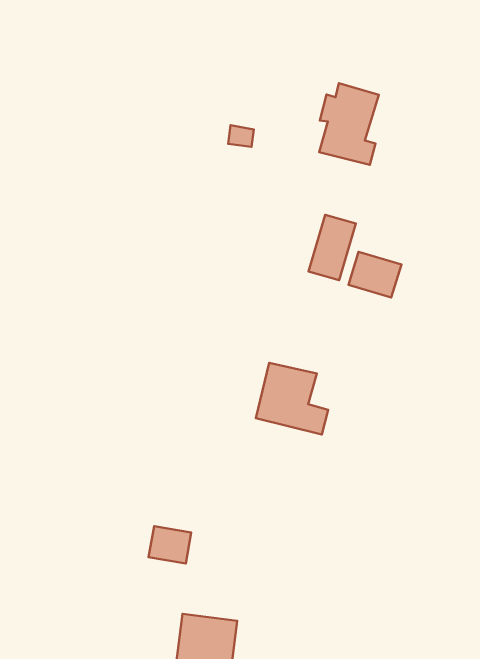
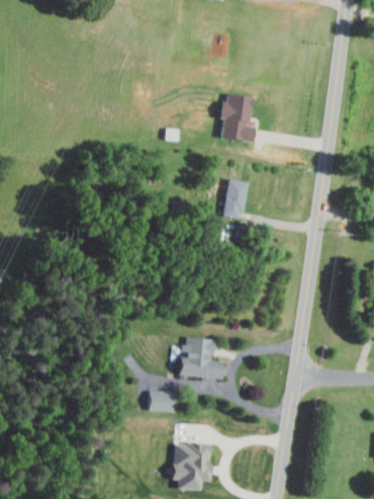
building: [348,252,401,297] -> none
building: [256,363,328,434] -> [180,337,225,379]

